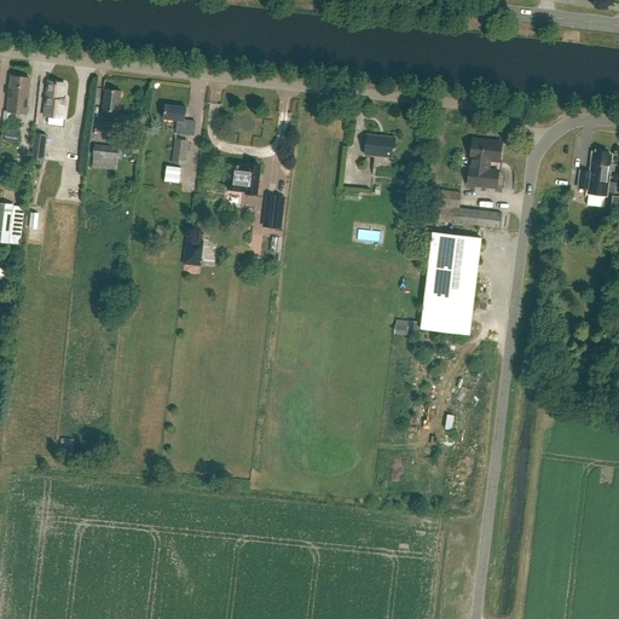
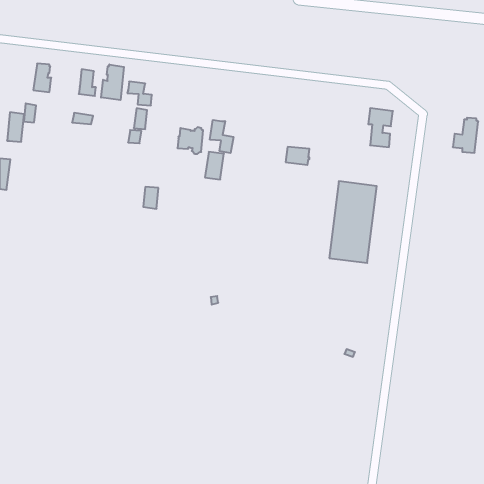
building: [7,75,29,112] -> [7,112,24,142]
building: none -> [101,64,124,100]
building: [364,134,394,157] -> [286,147,309,165]
building: none -> [210,120,233,153]

